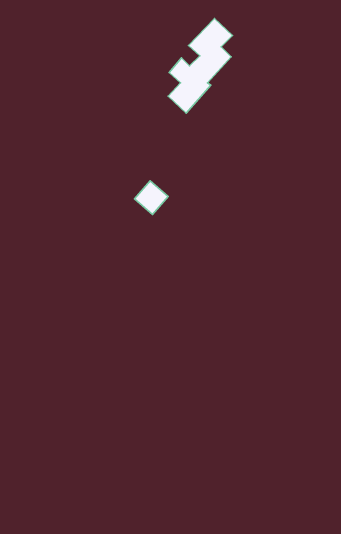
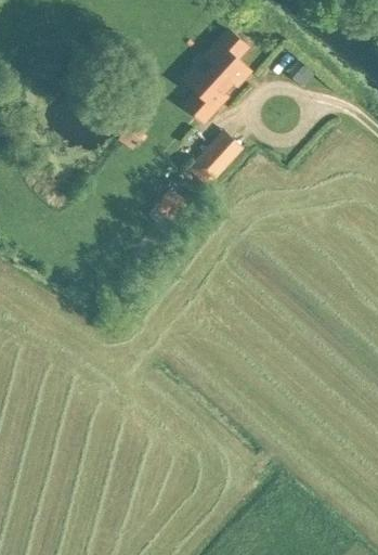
building: none -> [190,130,244,186]

